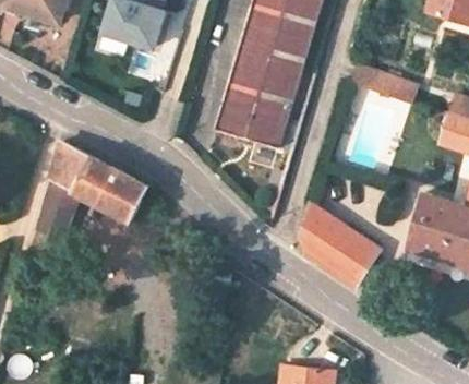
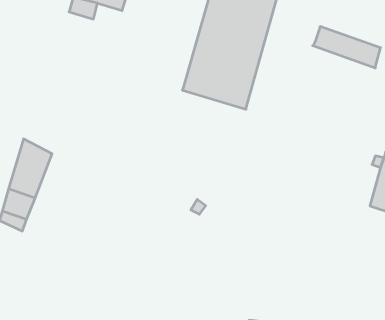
building: [51,142,149,221] -> none
building: [297,201,378,285] -> none

